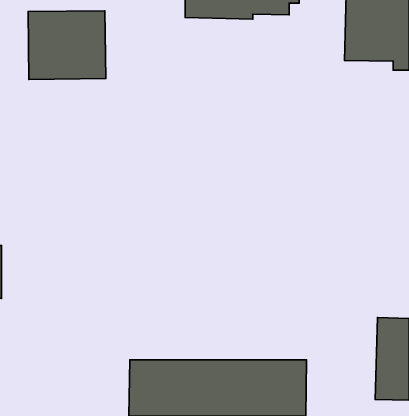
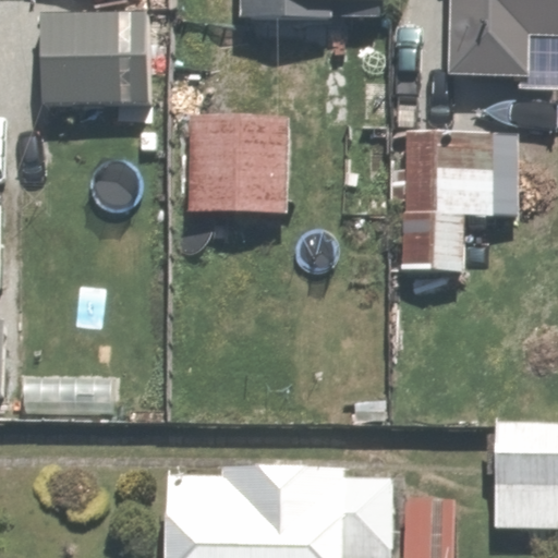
building: none -> [189,117,294,214]
building: none -> [404,136,497,279]

